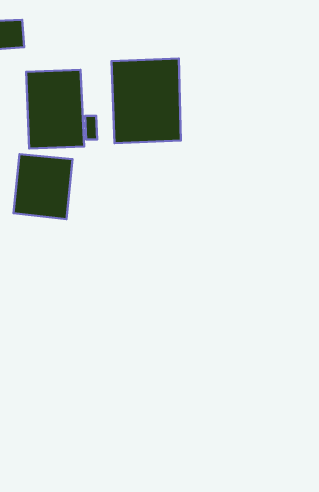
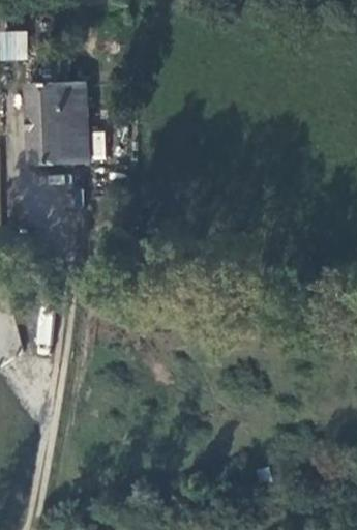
building: [111,58,181,143] -> none

